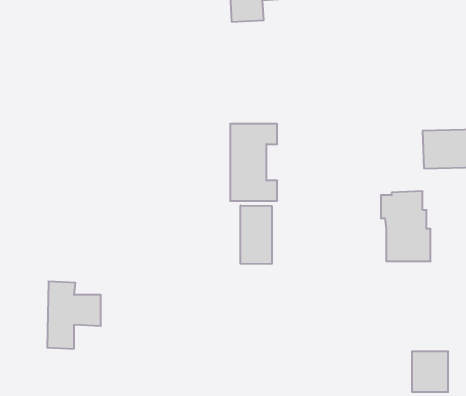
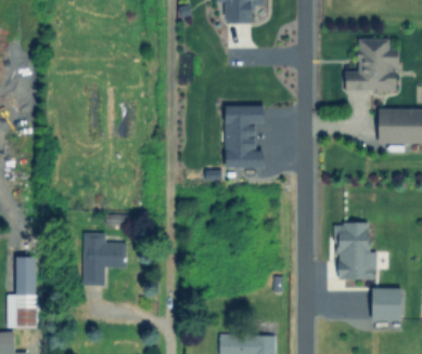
building: none -> [348,39,399,89]
building: [381,191,431,261] -> [337,223,378,279]
building: [241,205,272,264] -> none

